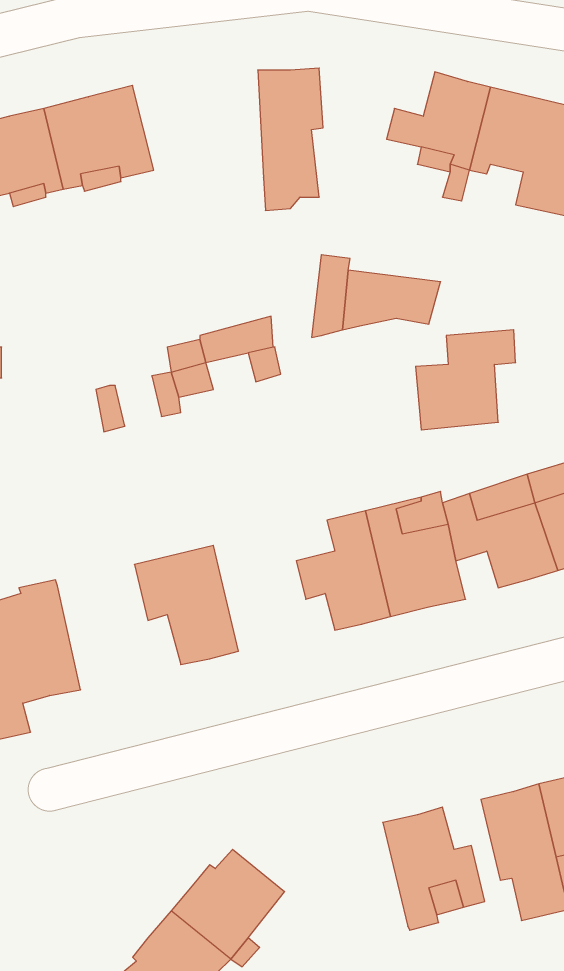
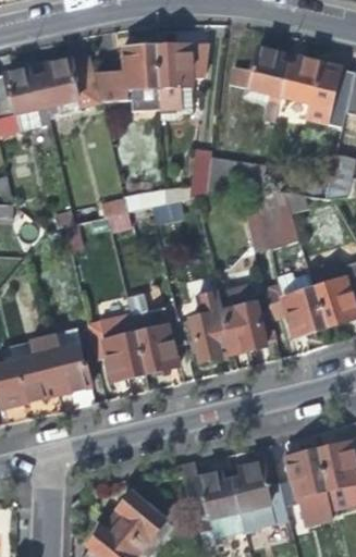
building: none -> [96,44,161,107]
building: none -> [137,315,185,372]
building: none -> [42,320,96,407]
building: none -> [177,461,243,545]

